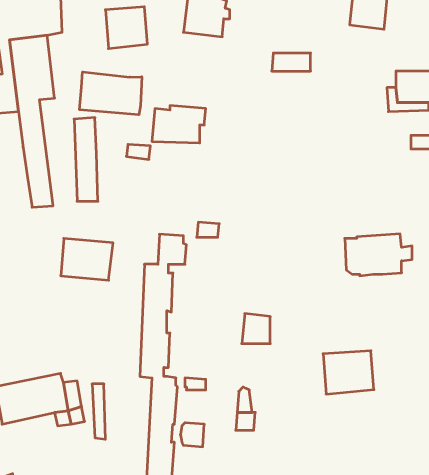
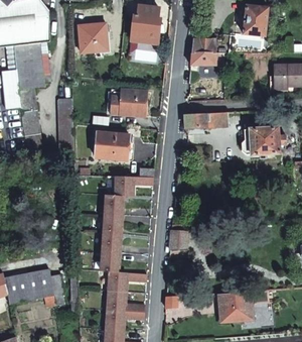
building: none -> [190,39,216,53]
building: [80,72,142,115] -> none
building: none -> [184,112,226,128]
building: [345,234,412,276] -> [241,127,286,155]
building: [61,238,113,280] -> [94,131,129,159]
building: [323,351,374,394] -> [218,291,253,320]

